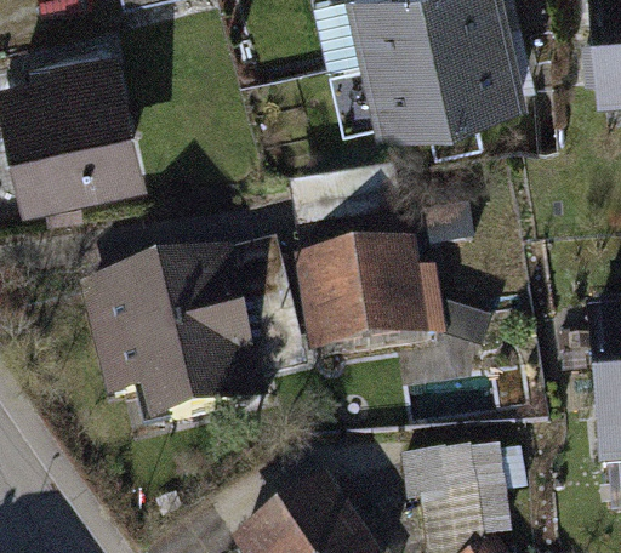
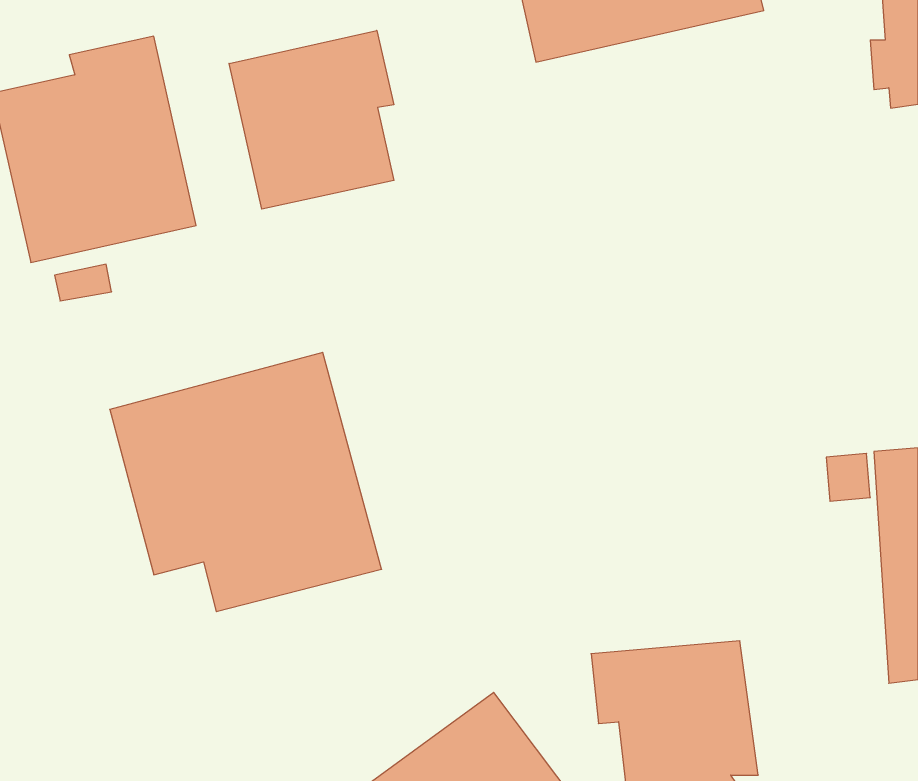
building: [365,33,530,137] -> none
building: none -> [229,30,394,209]
building: [300,222,445,364] -> none

